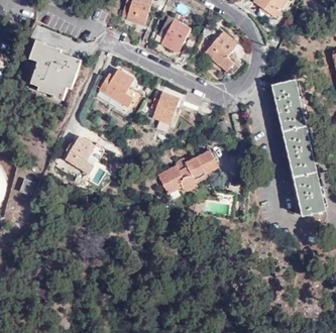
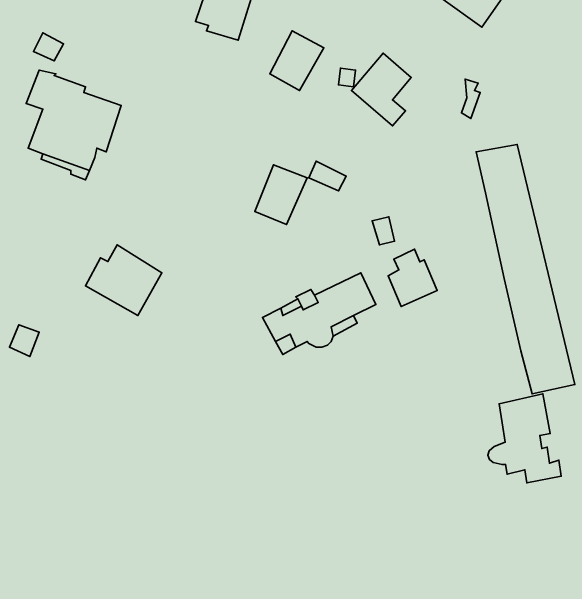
building: [98,69,140,110] -> none
building: none -> [388,249,437,306]
building: none -> [488,394,561,483]

